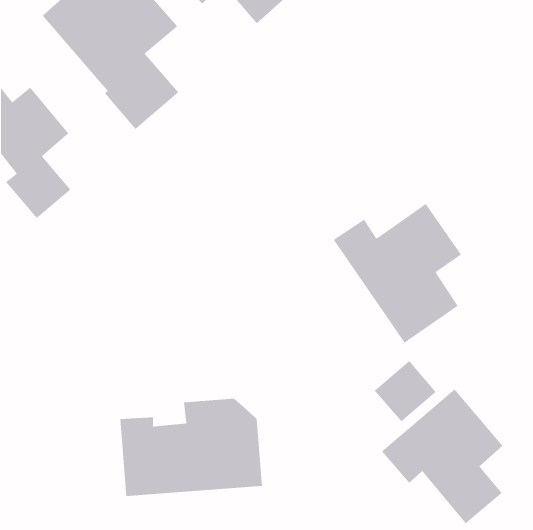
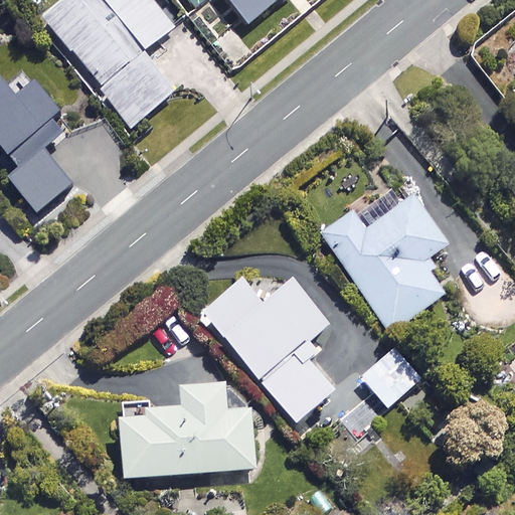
building: none -> [200,278,333,422]
building: [381,389,503,524] -> none

